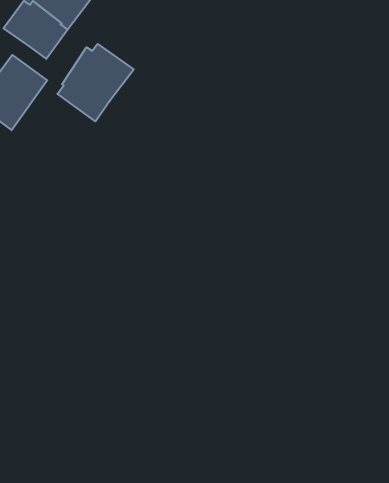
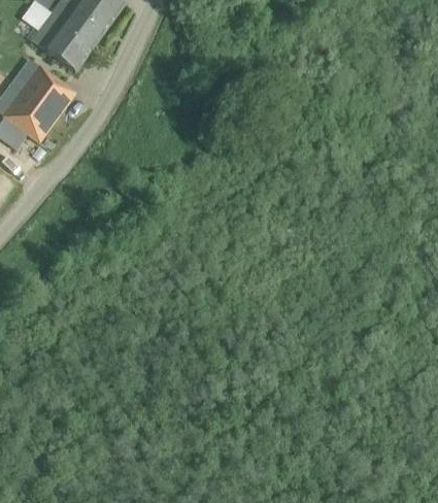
building: [57,44,134,121] -> none

